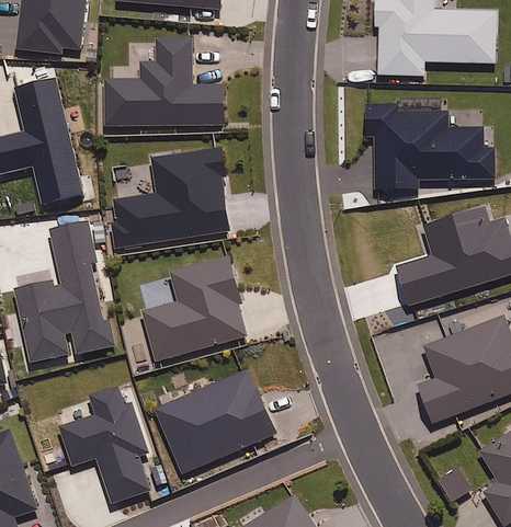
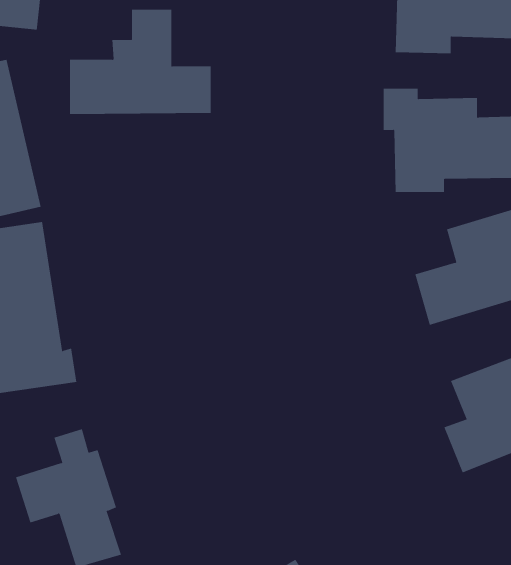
building: [112,147,229,247] -> none
building: [143,257,247,359] -> none
building: [154,369,274,474] -> none

